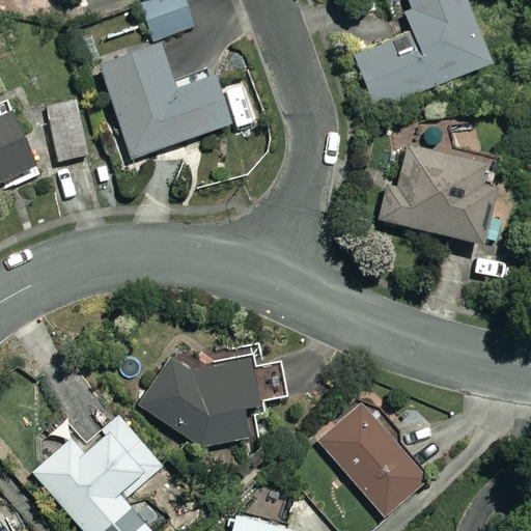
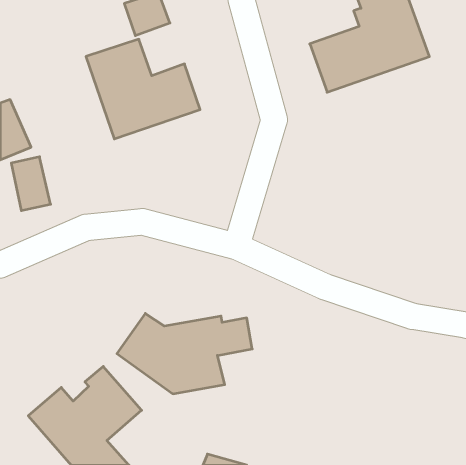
building: [47,100,91,161] -> [11,157,51,211]
building: [378,146,494,245] -> none
building: [319,402,429,518] -> none

